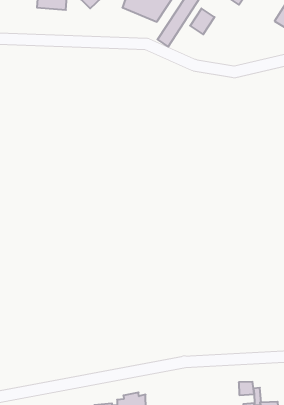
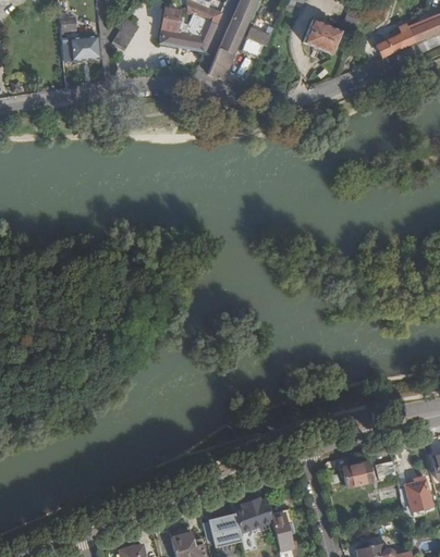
building: none -> [304,20,342,54]
building: none -> [343,460,372,485]

